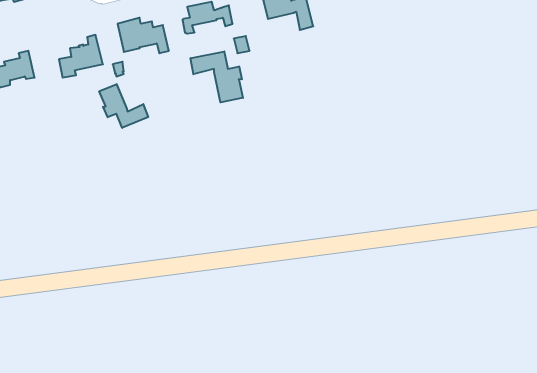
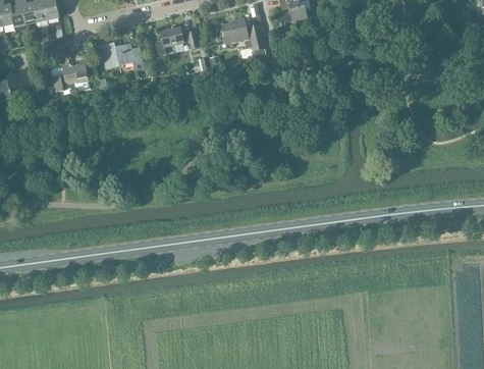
building: [191,51,243,102] -> none
building: [99,84,148,128] -> none

